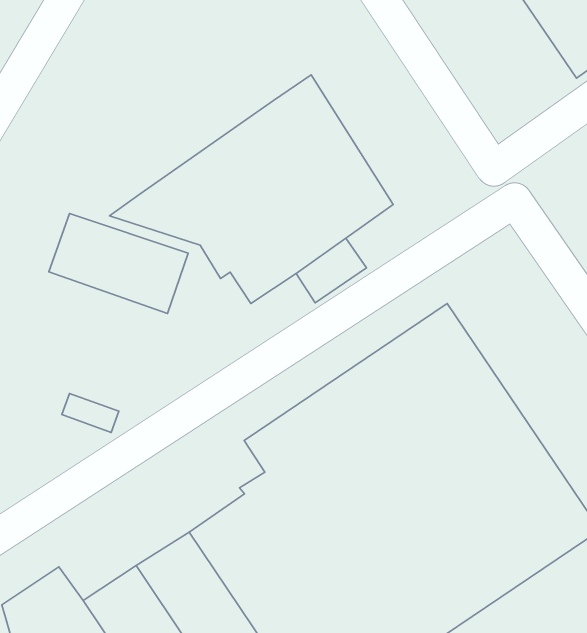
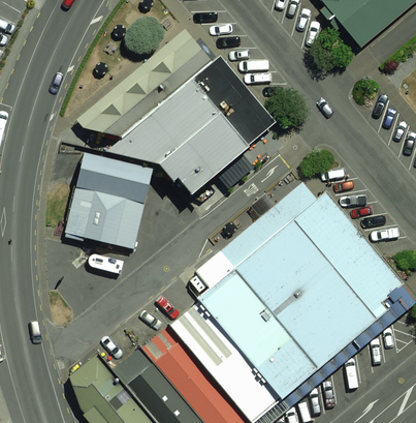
building: none -> [76,29,212,138]
building: none -> [65,187,145,250]

